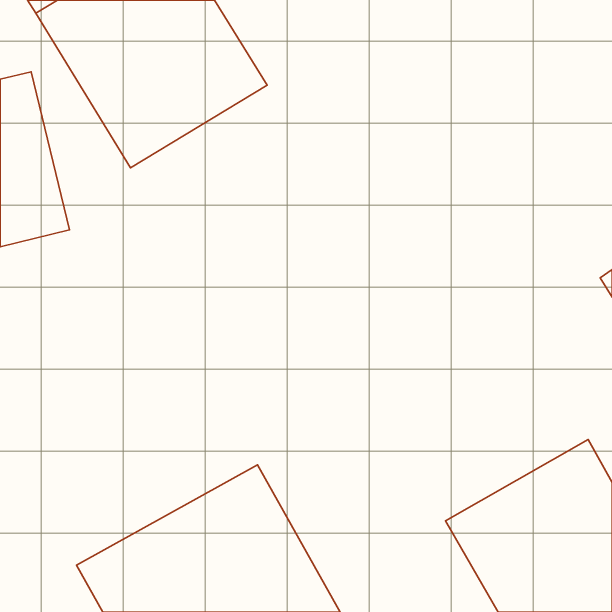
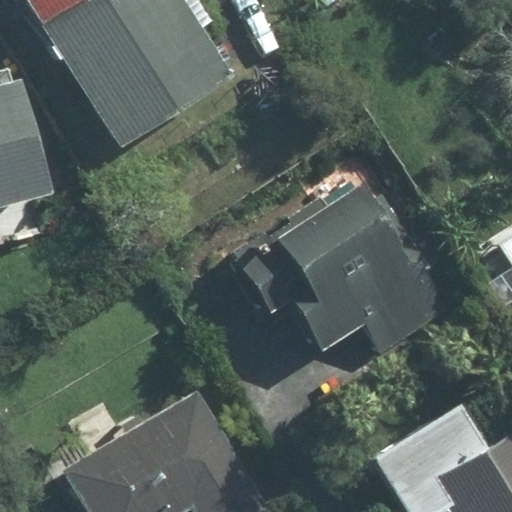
building: none -> [242,183,441,358]

